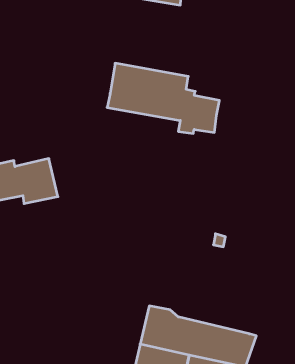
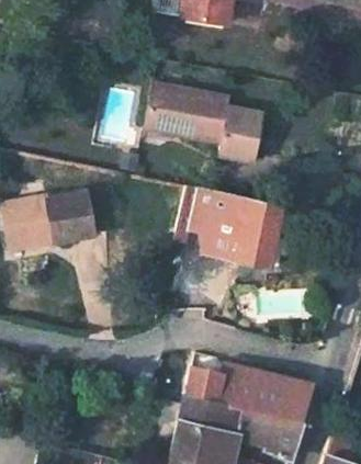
building: none -> [188,186,277,265]

